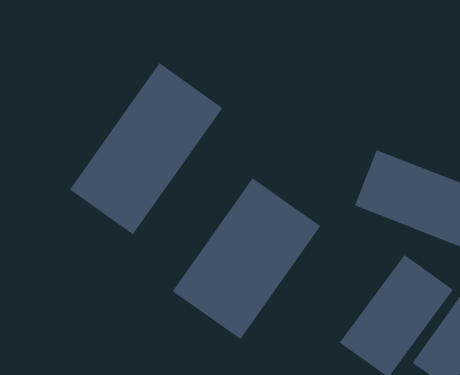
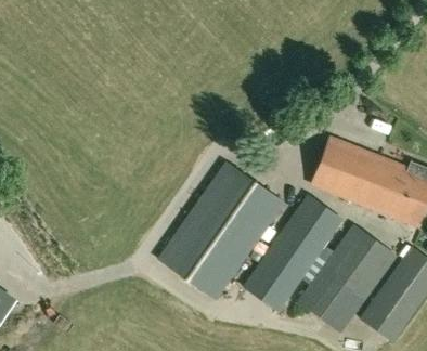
building: [69,62,223,235] -> none
building: none -> [245,196,342,312]

